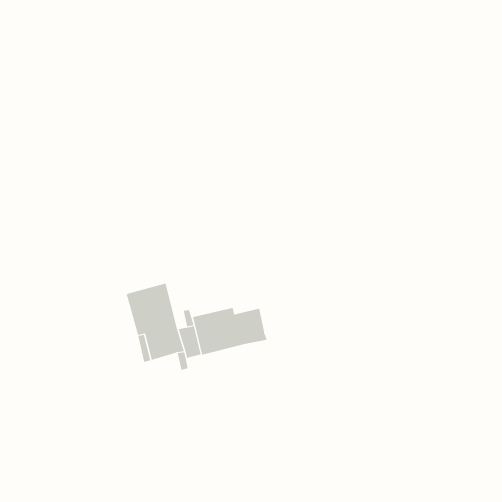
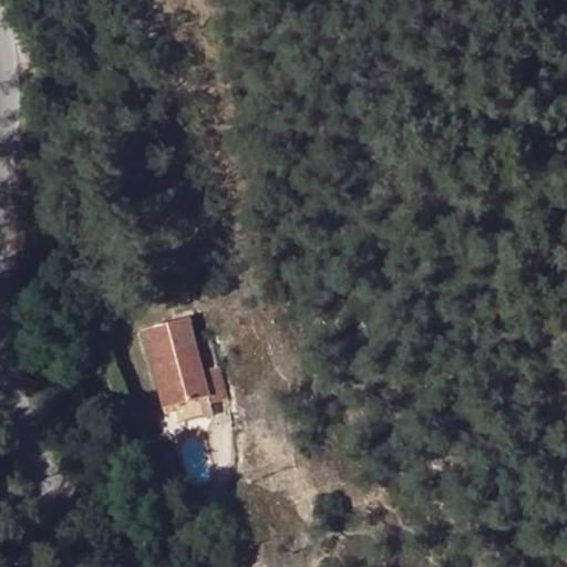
building: [192,307,268,356] -> none

